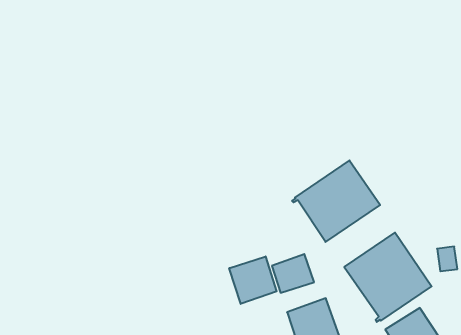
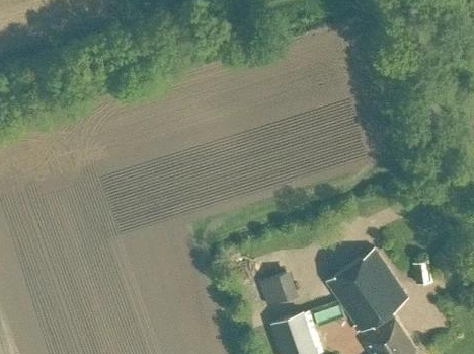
building: [292,160,380,242] -> none
building: [229,256,277,304] -> none

